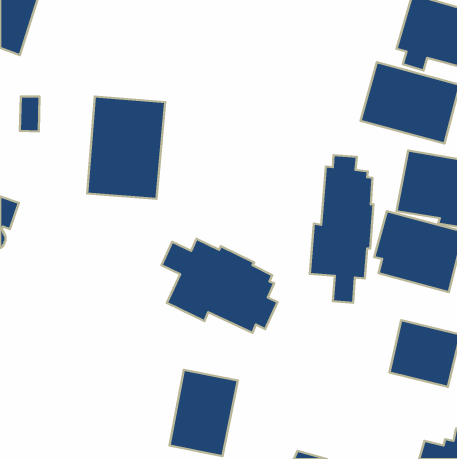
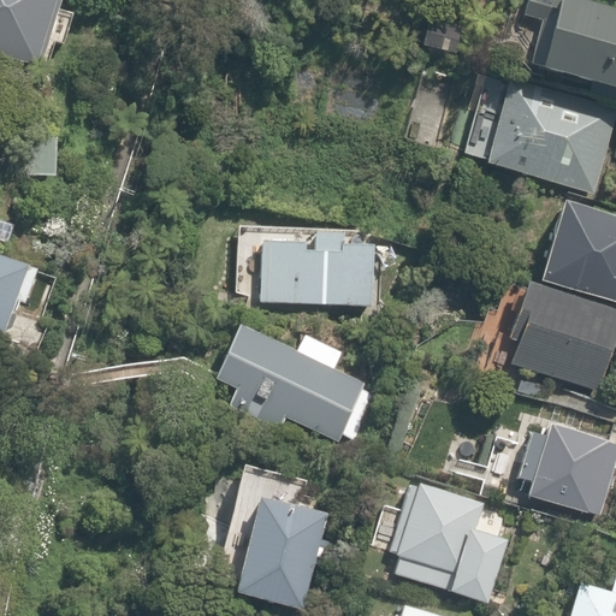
building: [87,96,165,199] -> none
building: [310,155,373,303] -> none
building: none -> [262,226,375,307]
building: none -> [389,484,502,598]

